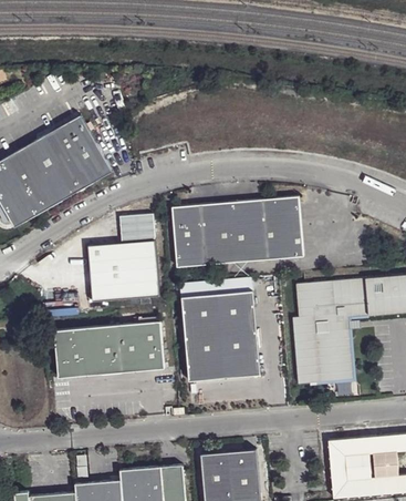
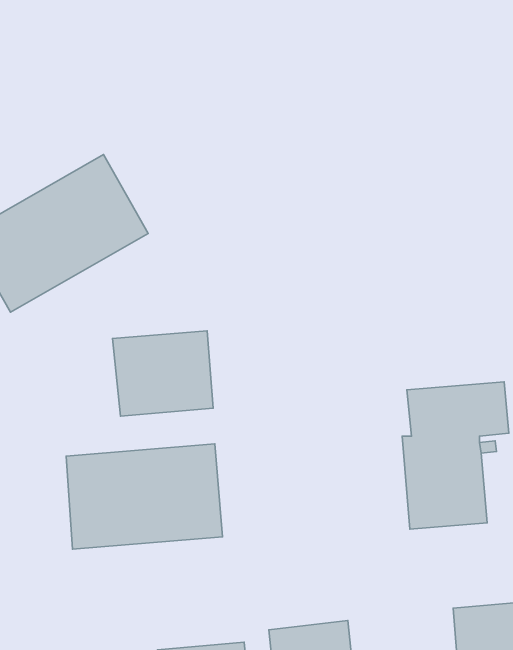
building: [173,196,304,267] -> none
building: [118,216,154,244] -> none
building: [183,290,261,380] -> none

